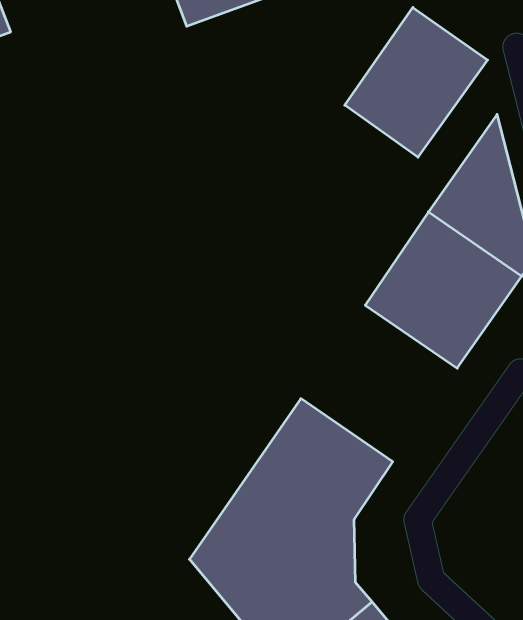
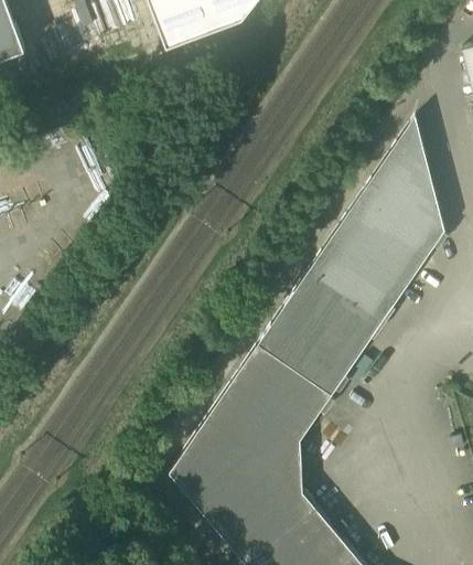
building: [345,7,488,157] -> none
building: none -> [258,268,384,394]

